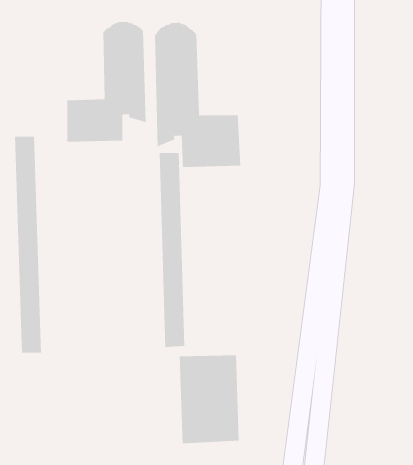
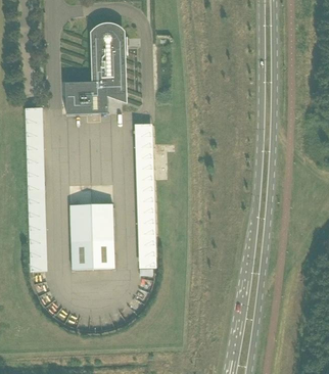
building: [154,22,241,168] -> none
building: [179,354,240,444] -> [69,203,114,270]

